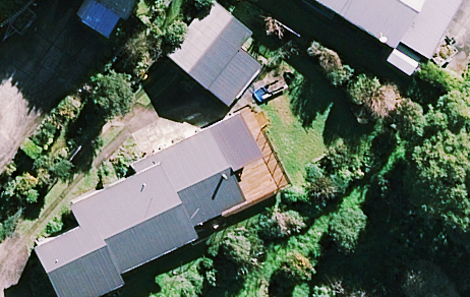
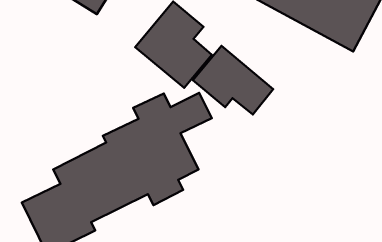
building: none -> [193,46,273,114]

